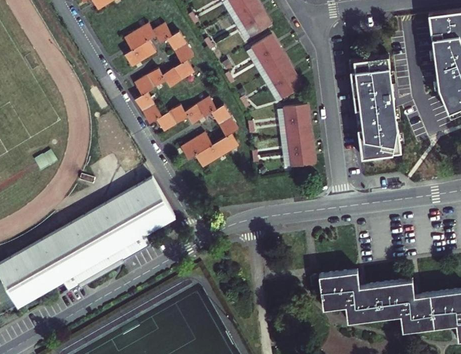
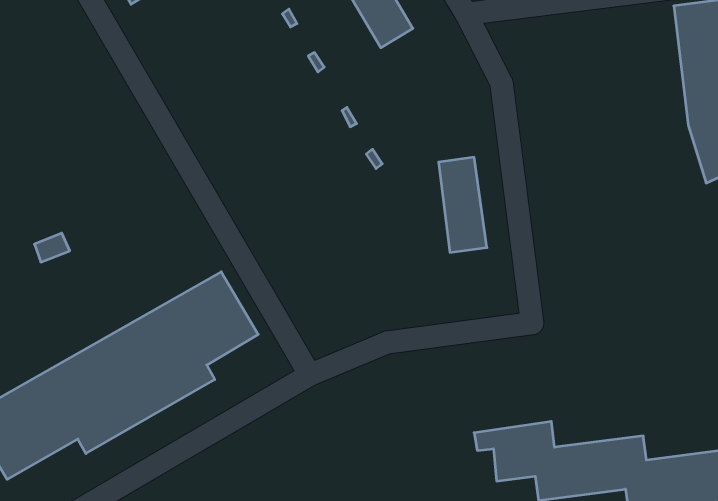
building: [123,24,239,169] -> none
building: [250,37,301,100] -> none
building: [353,56,408,162] -> none

